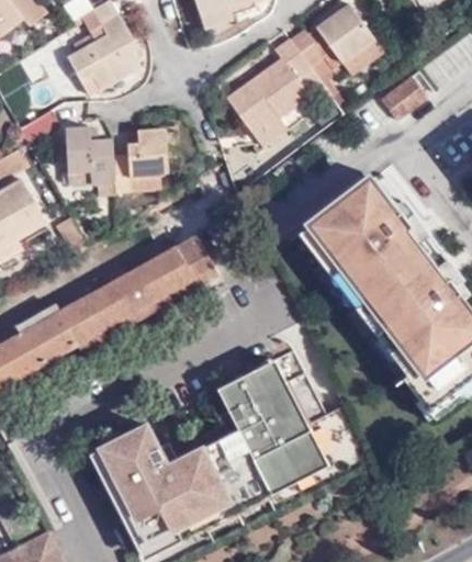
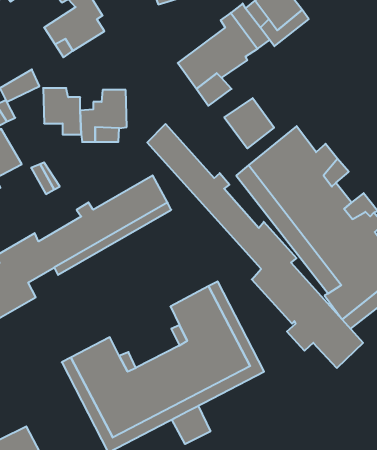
building: [378,69,427,116] -> none
building: none -> [224,98,274,148]
building: none -> [147,124,363,368]
building: none -> [172,406,210,444]

